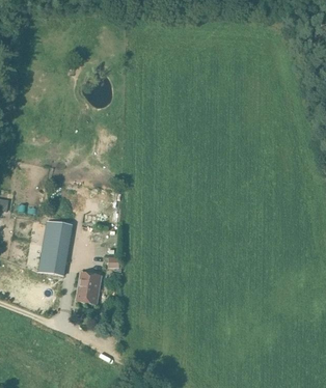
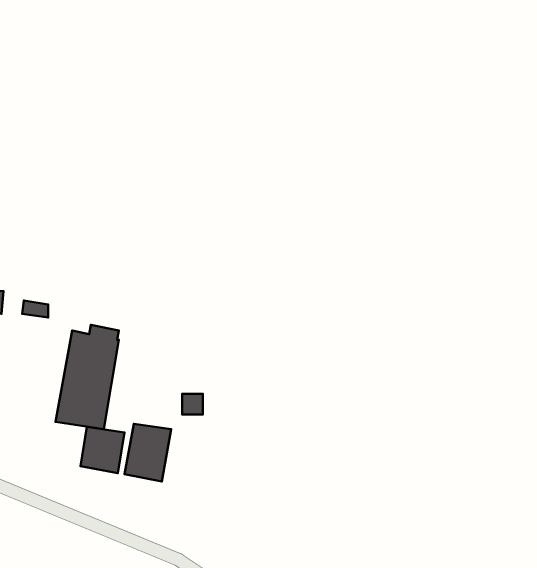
building: none -> [81,427,125,473]

